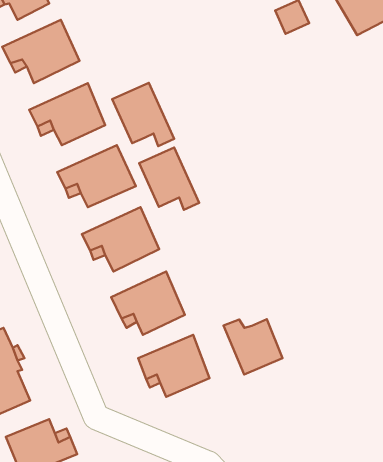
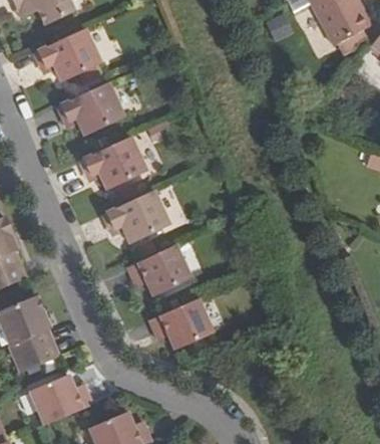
building: [112,83,174,146] -> none
building: [139,148,199,210] -> none
building: [223,319,282,375] -> none

